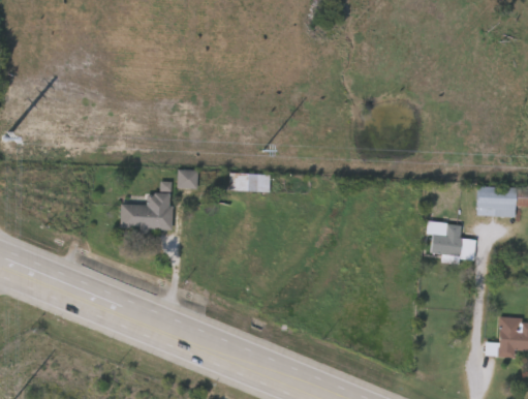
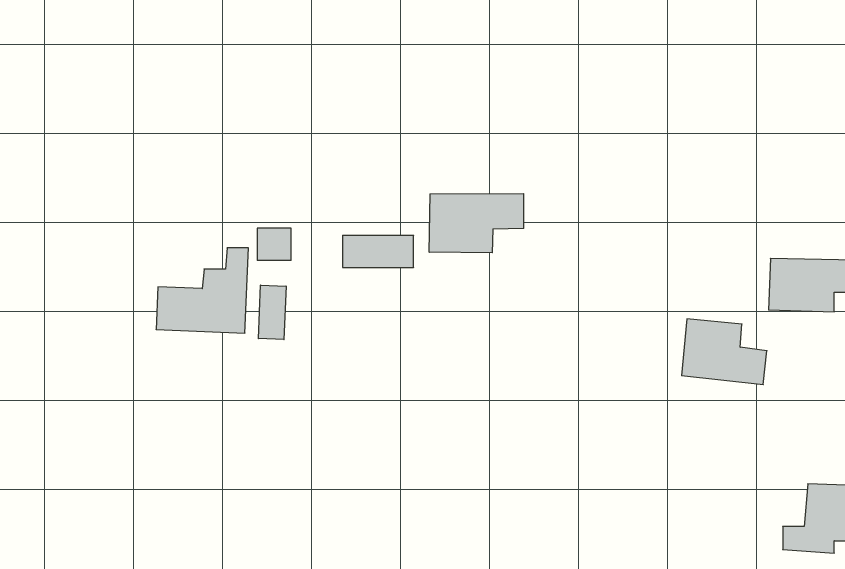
building: none -> [429,194,524,253]
building: none -> [258,285,286,340]

